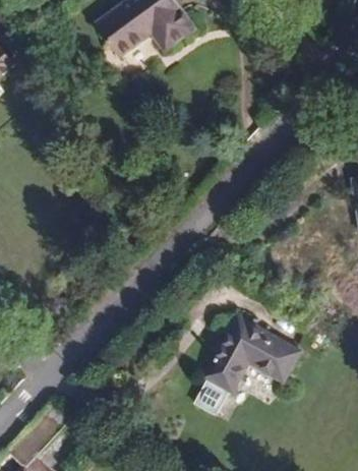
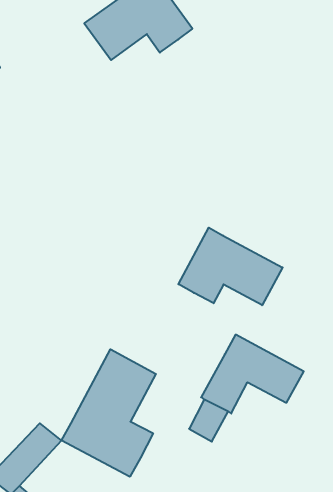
building: none -> [178,228,283,305]
building: none -> [62,349,156,477]

